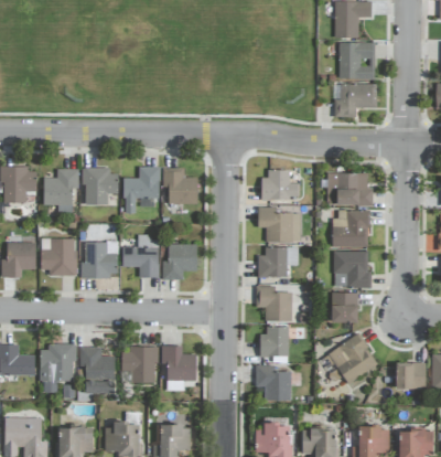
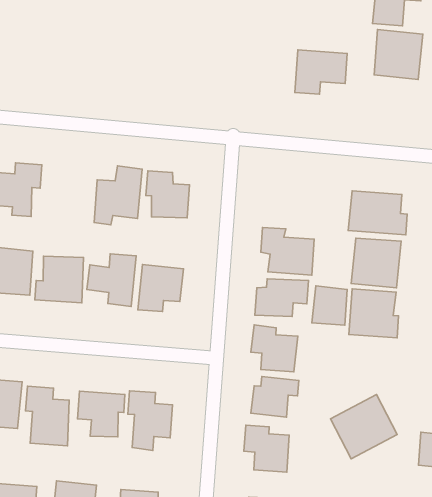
building: [336,83,376,117] -> [295,50,347,94]
building: [83,168,118,204] -> none
building: [261,169,299,199] -> none
building: [331,291,357,321] -> [312,286,347,325]

